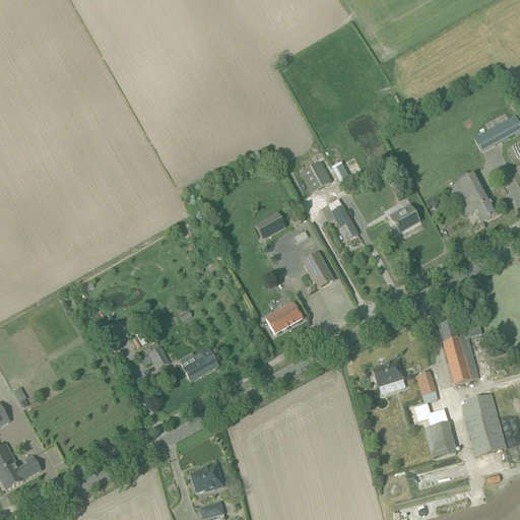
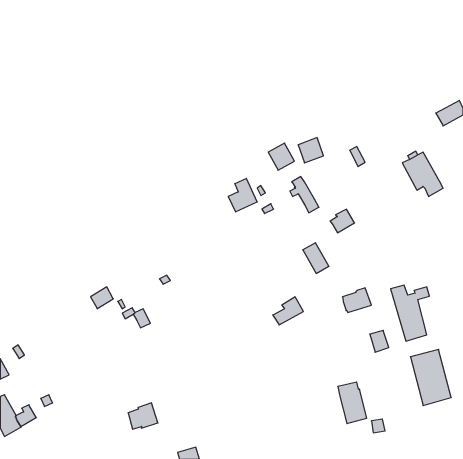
building: [391,204,418,231] -> [330,209,355,233]
building: [303,252,332,286] -> [303,243,329,273]
building: [267,301,302,332] -> [273,297,303,325]
building: [183,345,218,380] -> none
building: [372,359,404,386] -> [342,288,371,312]
building: [422,411,455,458] -> [338,382,367,424]
building: [190,462,223,492] -> [128,403,158,429]

